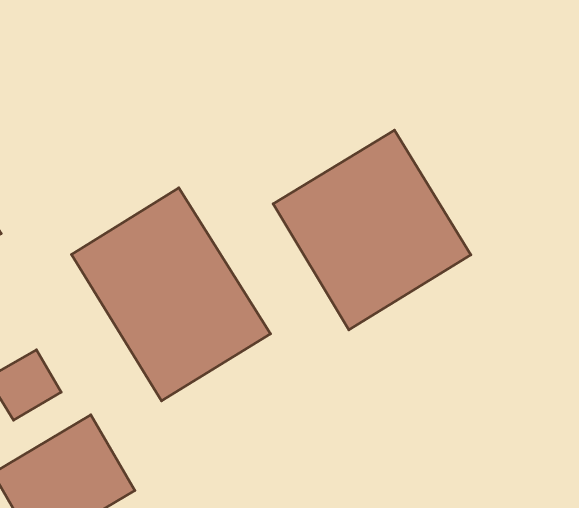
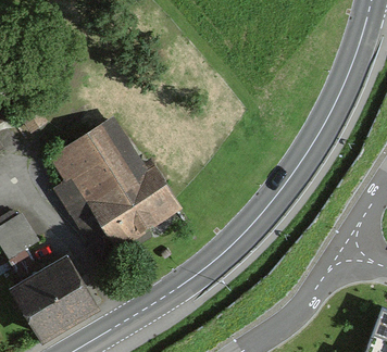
building: [273,130,471,330] -> none

